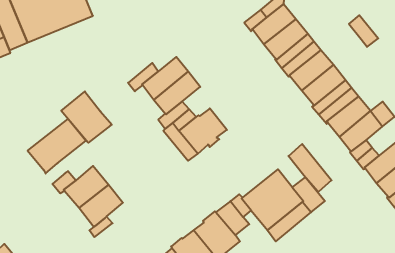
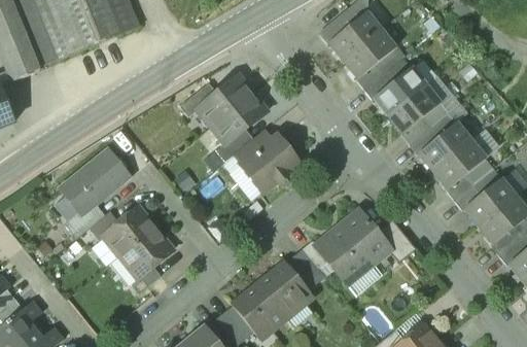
building: [349,15,378,47] -> [426,73,461,111]
building: [61,91,112,143] -> none
building: [288,144,332,192] -> none
building: none -> [64,202,105,237]

